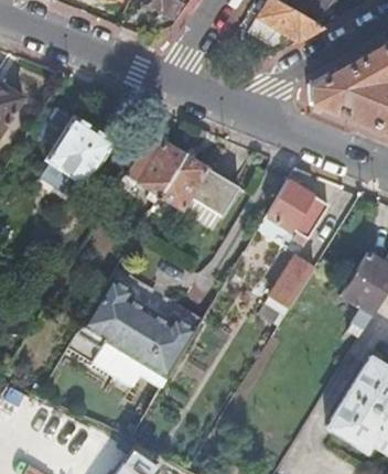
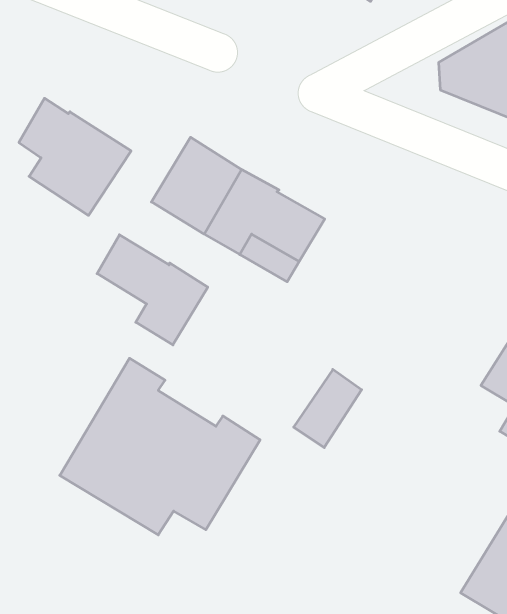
building: [266,179,327,239] -> none
building: none -> [97,235,208,345]
building: [269,256,313,306] -> [294,369,362,448]

